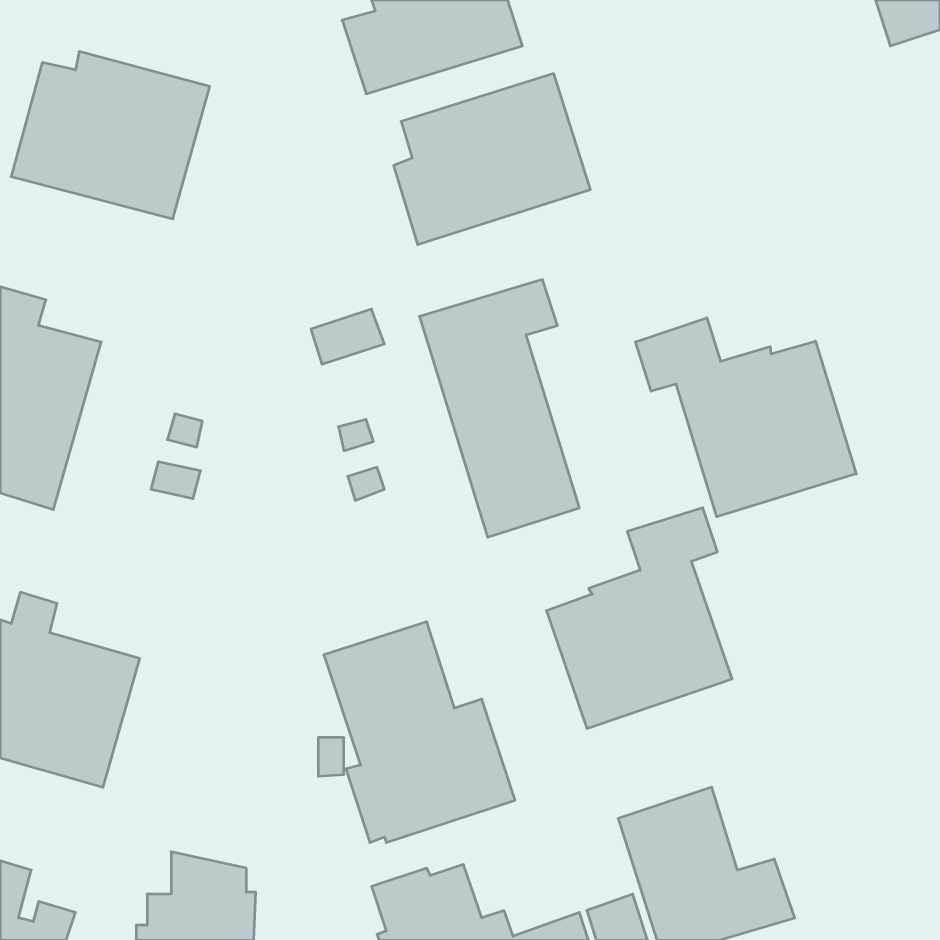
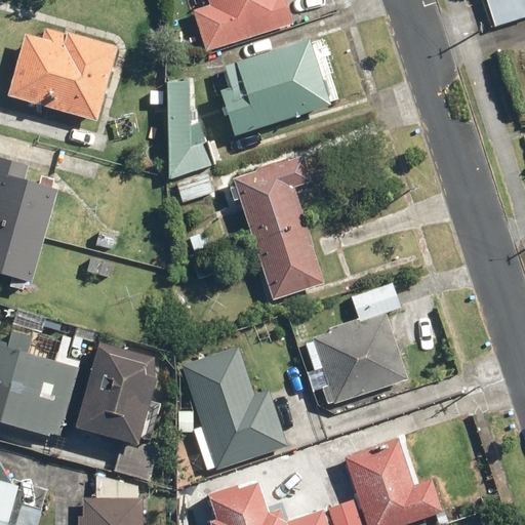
building: none -> [167,83,210,179]
building: [636,318,856,517] -> none
building: none -> [77,345,154,440]

